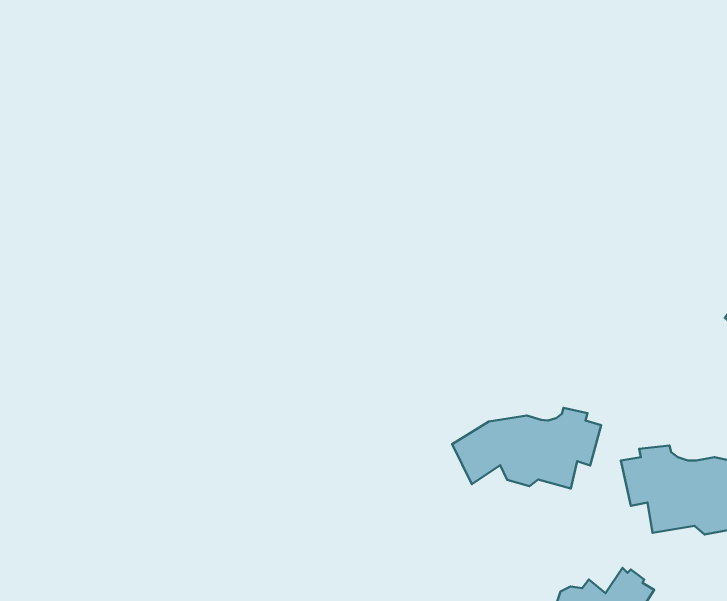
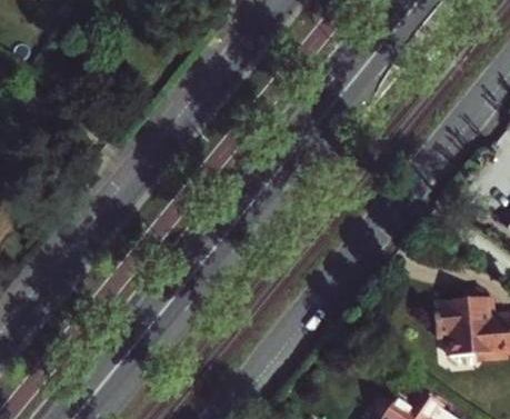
building: [452,408,601,488] -> none

